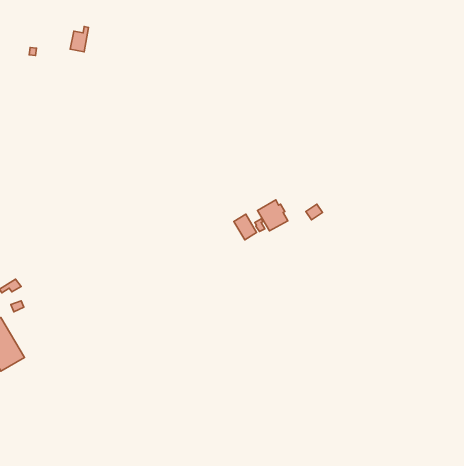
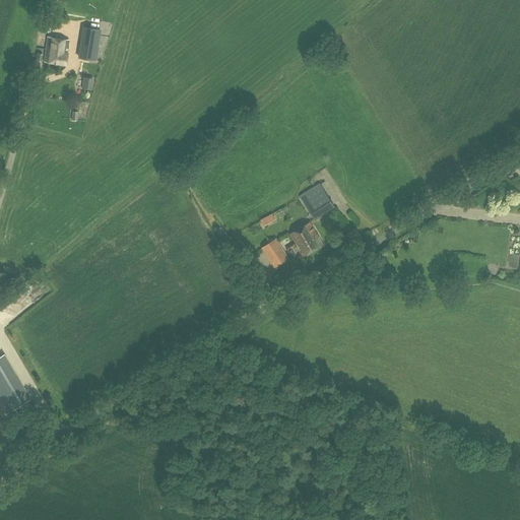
building: none -> [42,37,66,64]
building: none -> [299,181,331,217]

